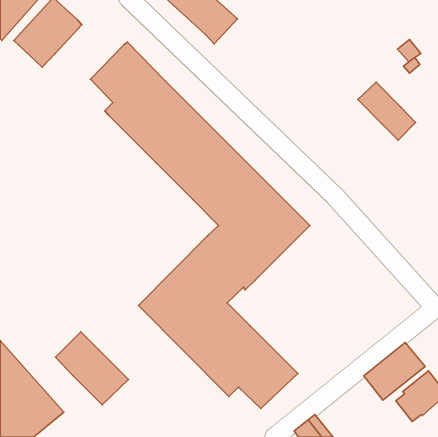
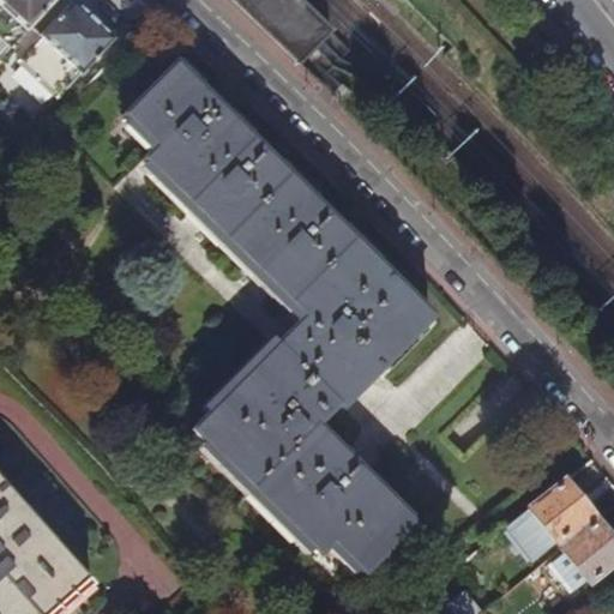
building: [358,82,416,140] -> none
building: [56,332,128,405] -> none

